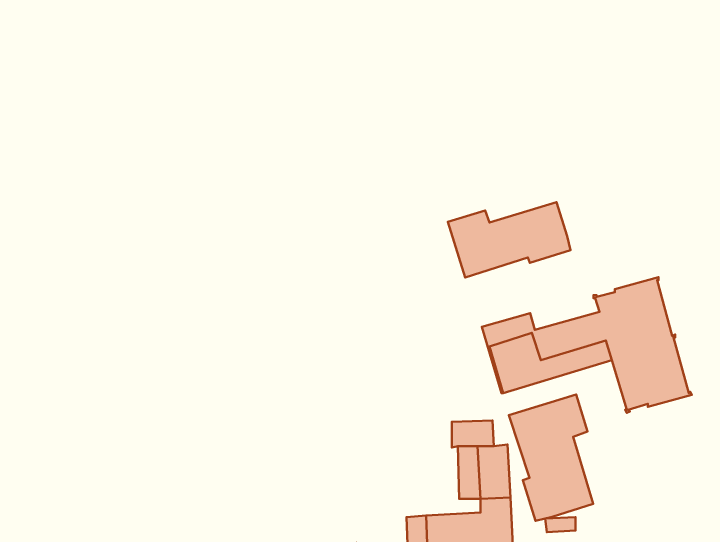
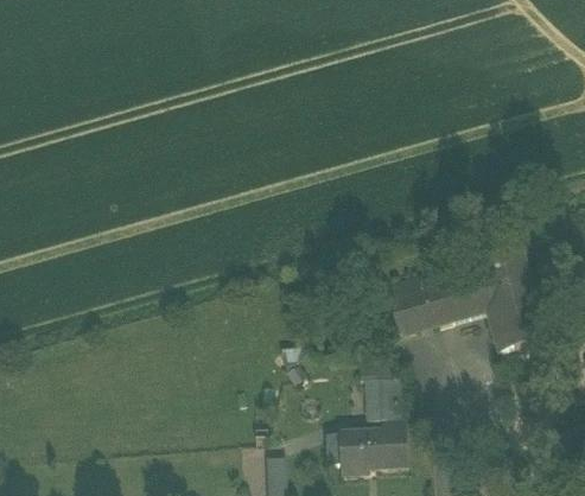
building: [448,202,571,278] -> none
building: [509,394,593,521] -> none

